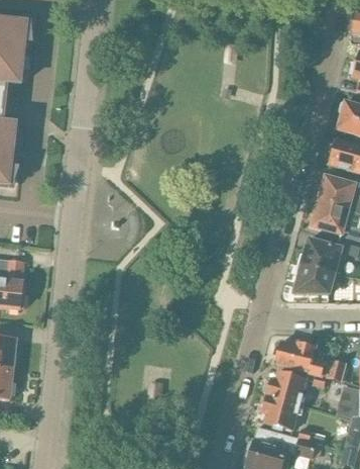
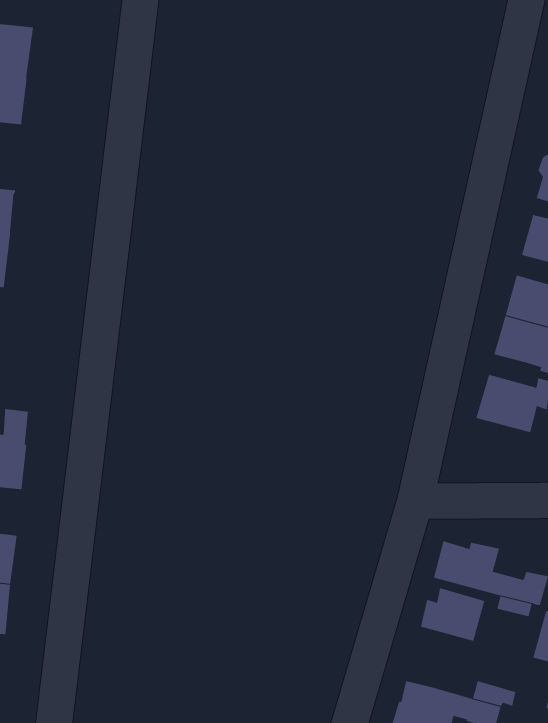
building: [293,265,335,293] -> none
building: [261,394,299,430] -> none

